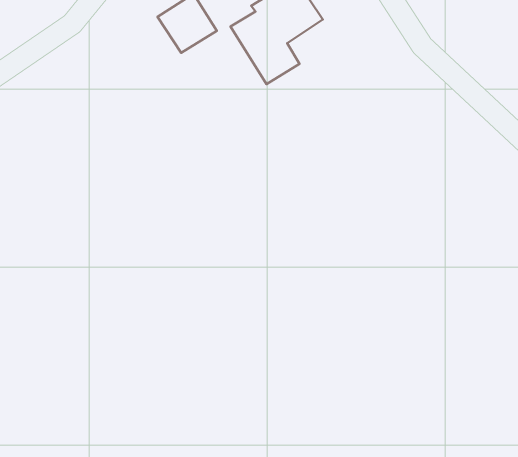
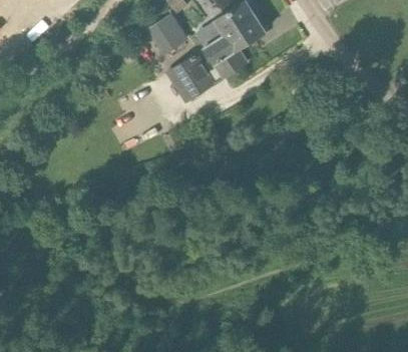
building: none -> [165,52,217,103]

